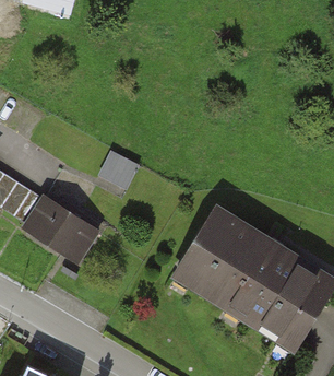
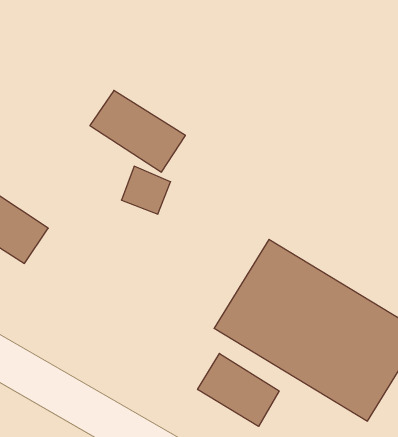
building: [25,197,99,260] -> [90,90,185,172]
building: none -> [198,353,279,426]

